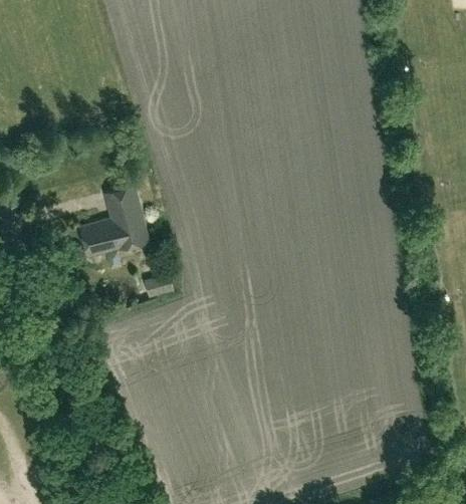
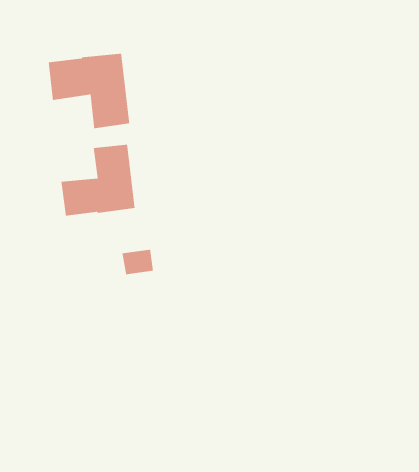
building: none -> [48,53,130,129]

